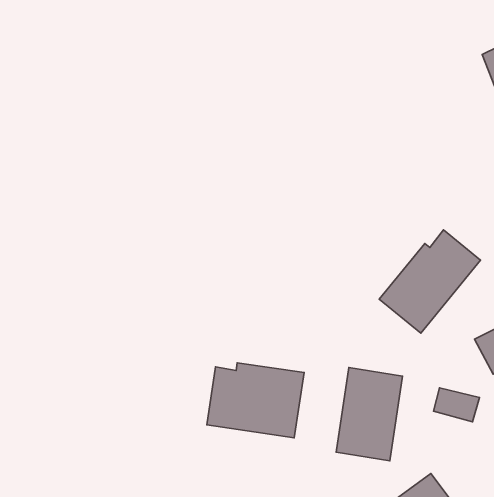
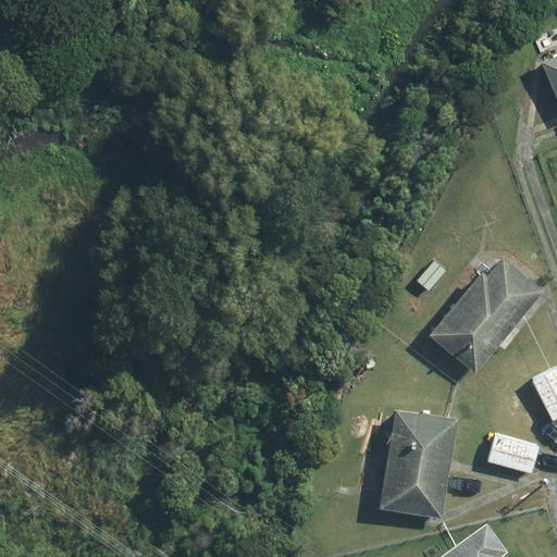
building: [207,363,304,438] -> none

